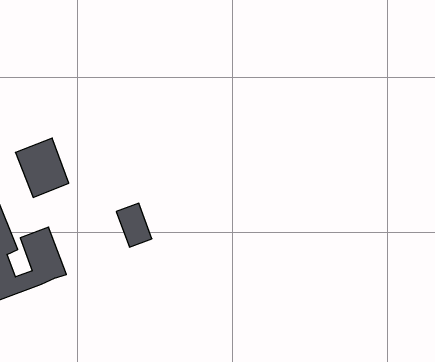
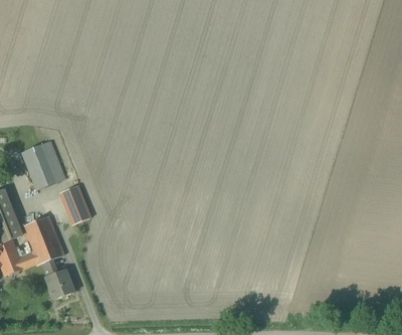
building: [116,203,152,247] -> [60,186,90,223]
building: none -> [42,259,77,302]

